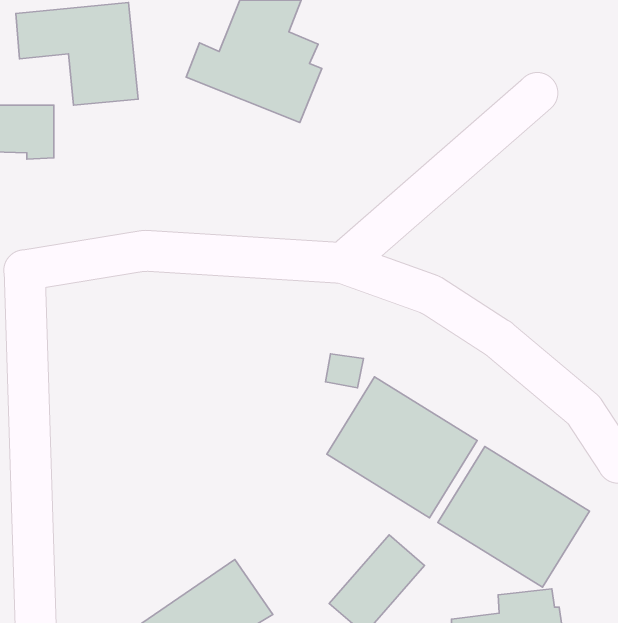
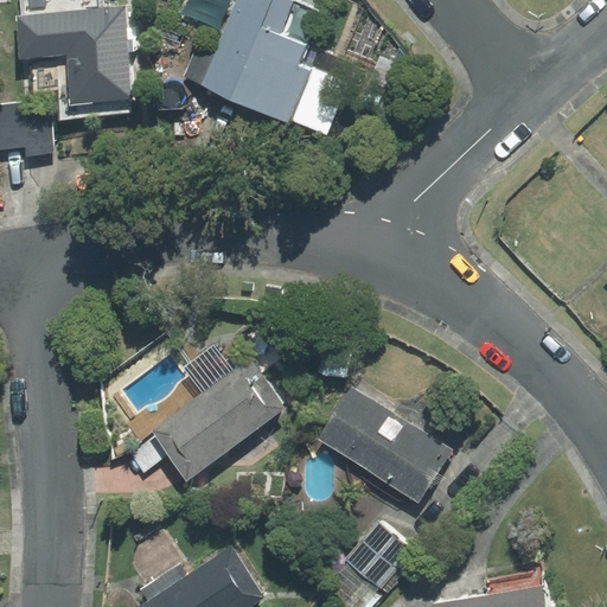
building: none -> [126,362,283,478]
building: [438,446,590,587] -> none

